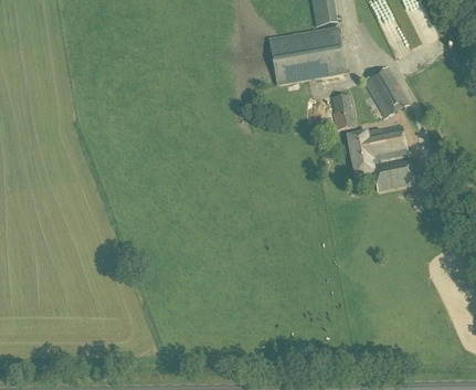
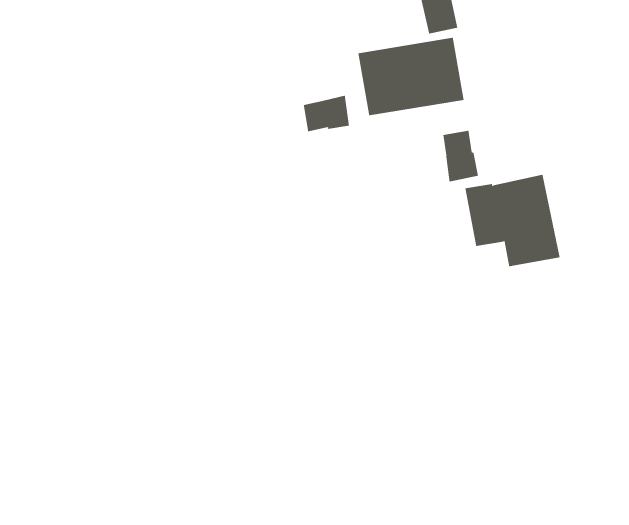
building: [362,65,408,116] -> none
building: none -> [303,95,350,132]

